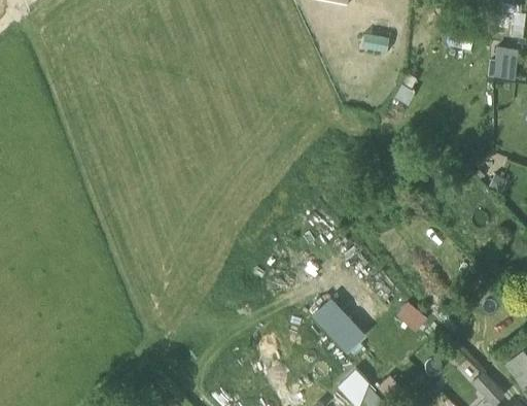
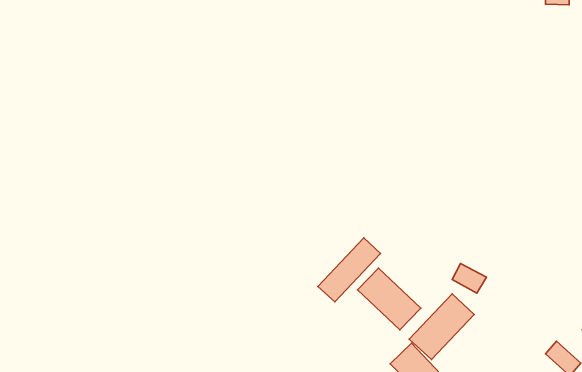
building: none -> [318,238,381,302]
building: none -> [409,294,474,360]

